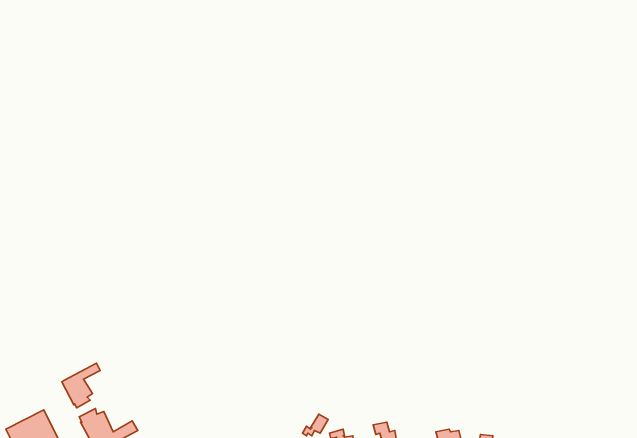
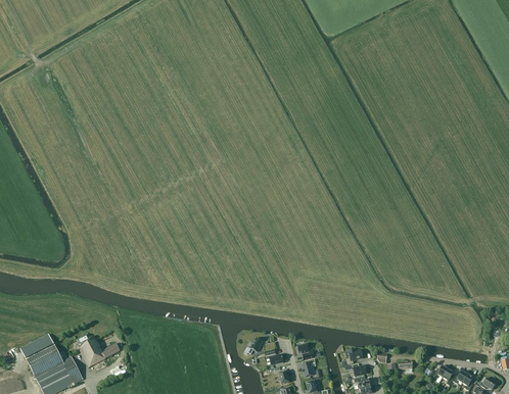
building: [62,363,100,408] -> none

